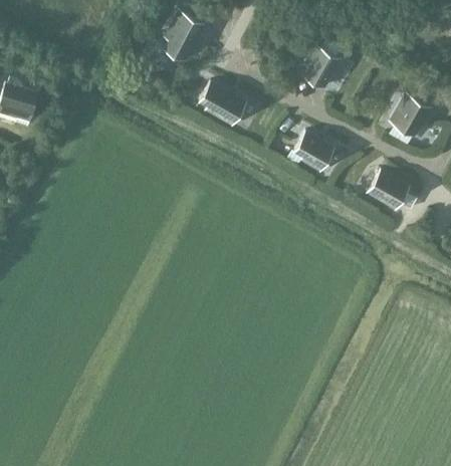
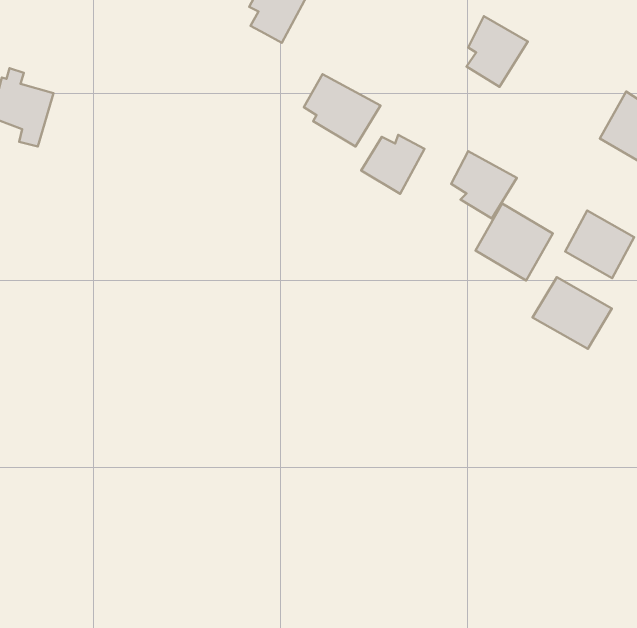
building: none -> [361,135,424,194]
building: none -> [475,203,553,281]
building: none -> [533,277,612,349]

